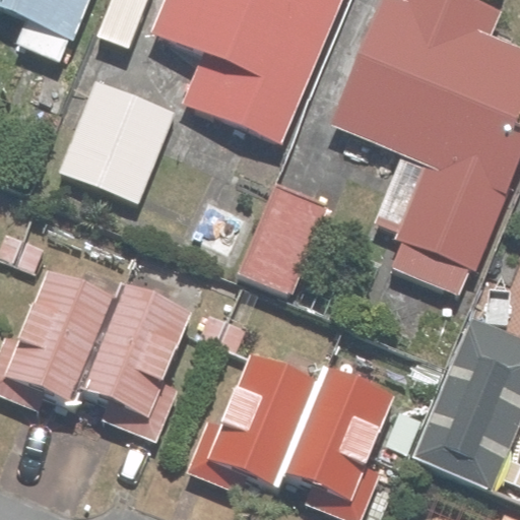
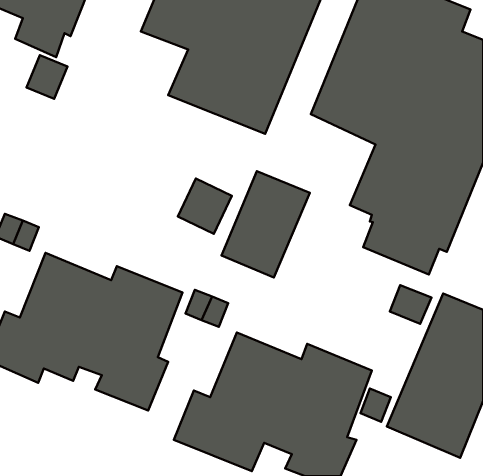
building: [59,79,174,201] -> none

